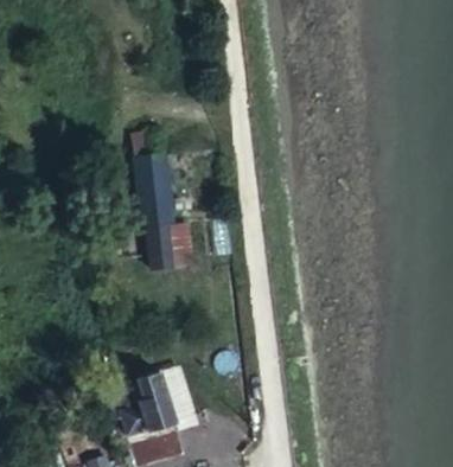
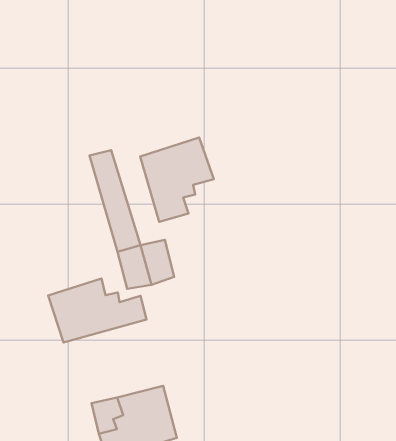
building: none -> [140,137,214,222]
building: none -> [48,279,146,343]

